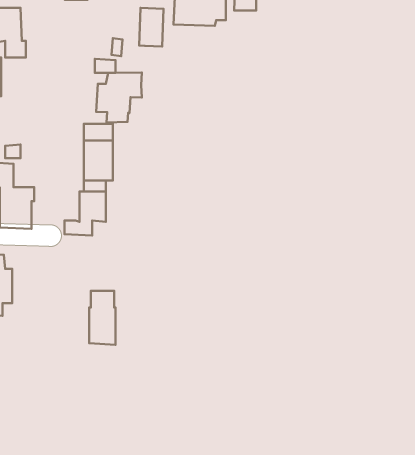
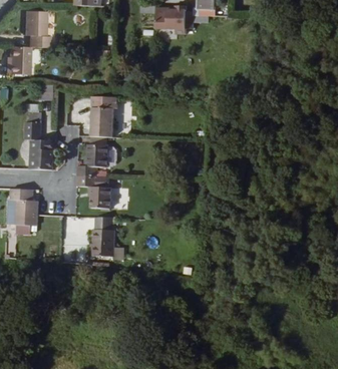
building: [139,8,164,46] -> none
building: [96,73,142,122] -> none
building: none -> [76,175,111,208]

